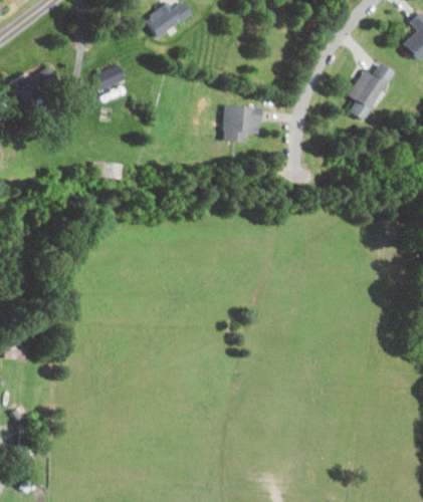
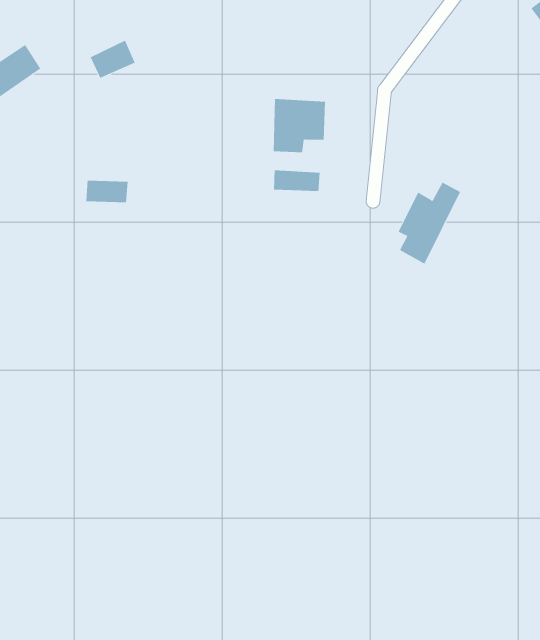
building: [349,62,393,120] -> [398,182,461,265]
building: none -> [273,169,320,192]

